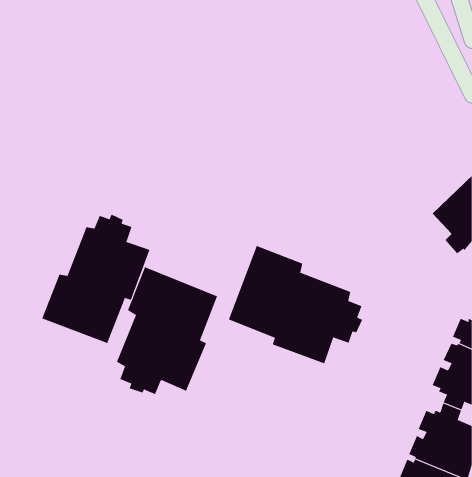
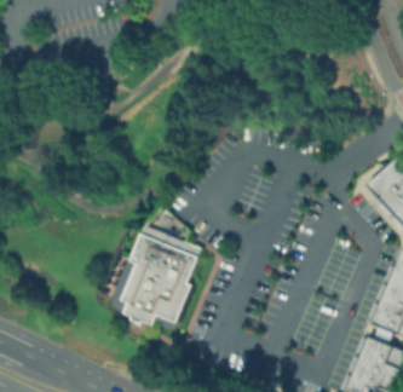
building: [41,214,150,344] -> none
building: [228,245,363,364] -> none

